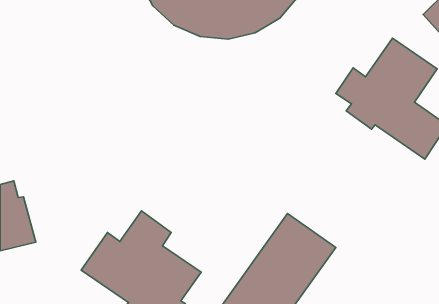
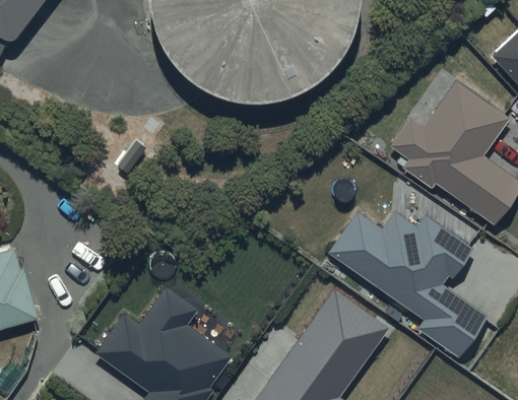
building: none -> [329,213,489,359]

